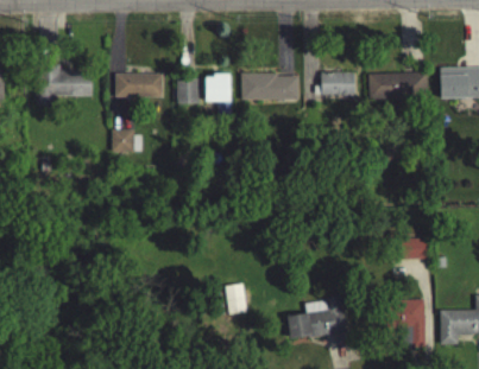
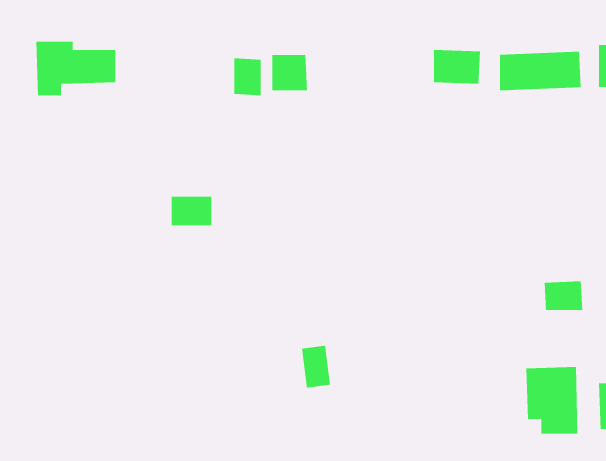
building: [115,72,164,97] -> none
building: [240,74,300,101] -> none
building: [112,131,141,152] -> [171,196,212,226]
building: [286,298,346,339] -> none

